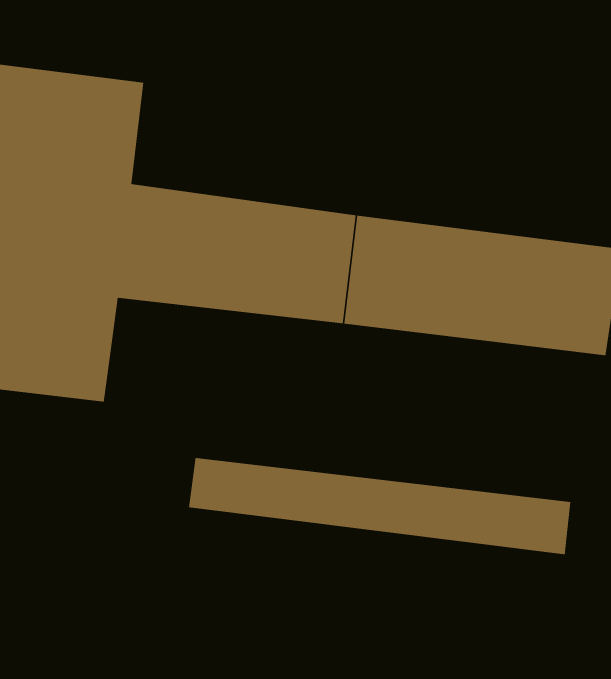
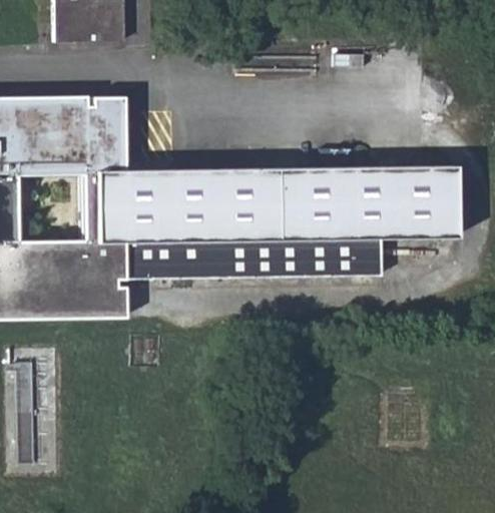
building: [188,458,571,555] -> [125,240,383,279]

